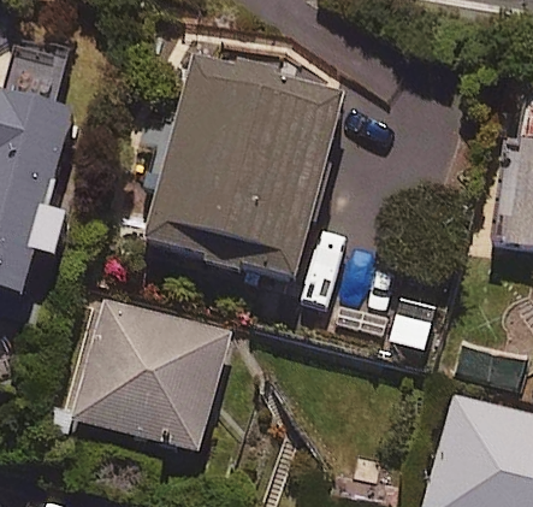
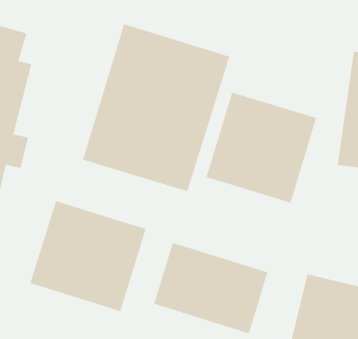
building: none -> [206,92,317,204]
building: none -> [153,242,268,334]

